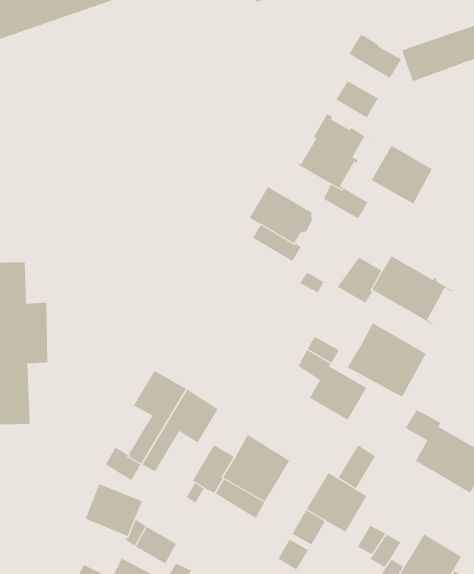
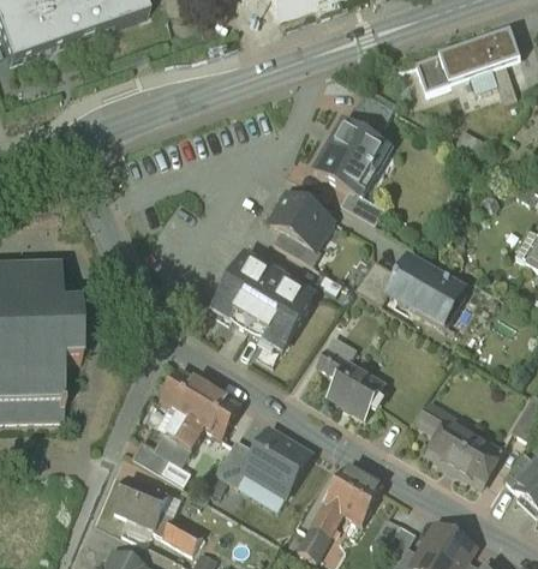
building: [349,34,402,79] -> none
building: [371,145,432,205] -> none
building: none -> [214,256,313,349]
building: [347,323,427,398] -> none
building: [338,445,376,489] -> none

